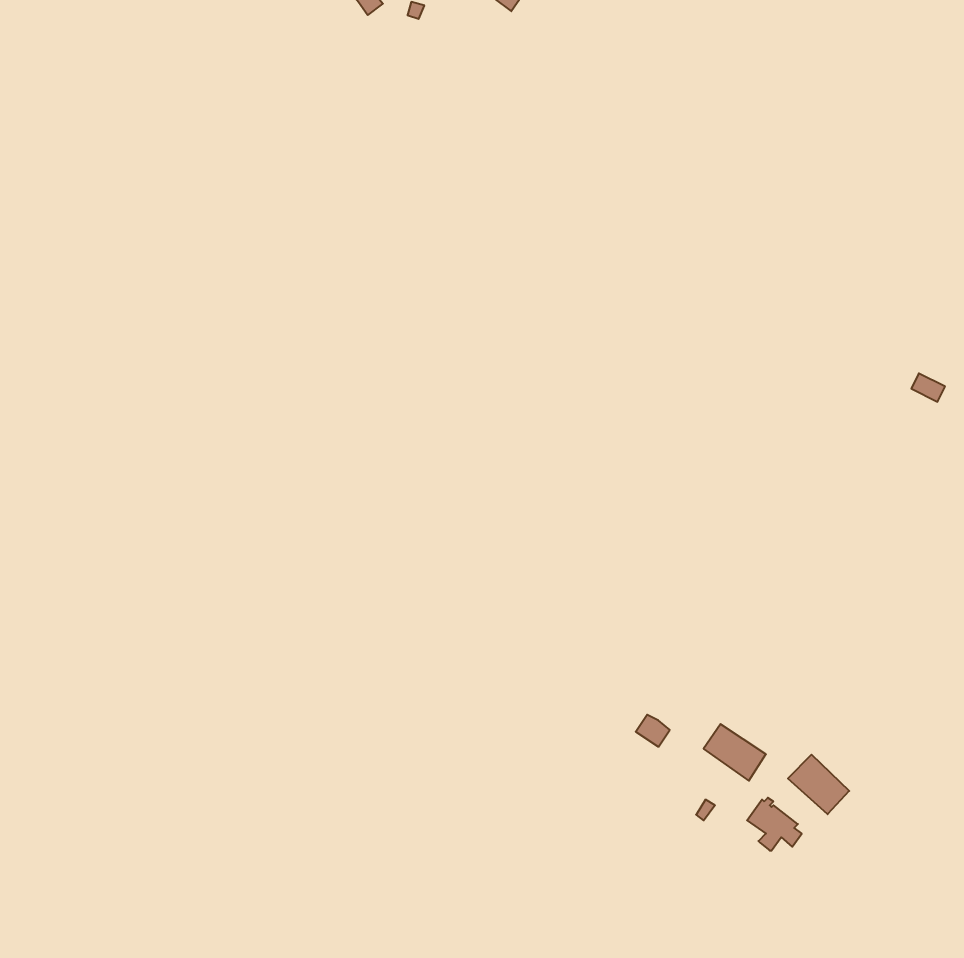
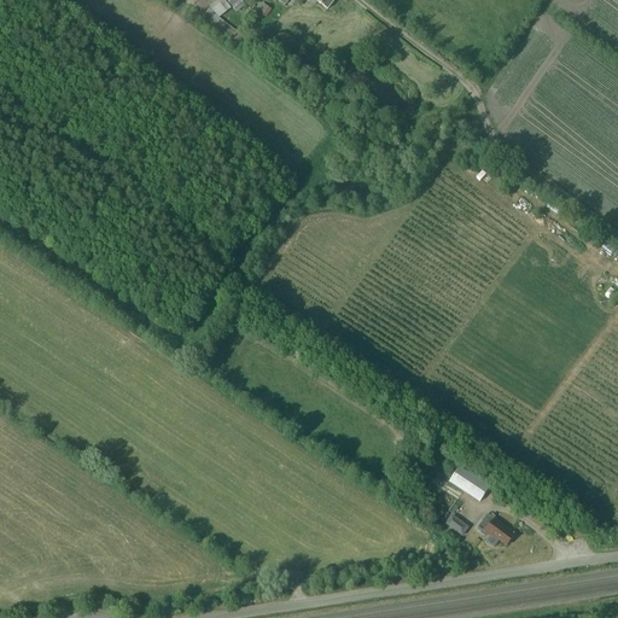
building: [788,755,849,814] -> none

